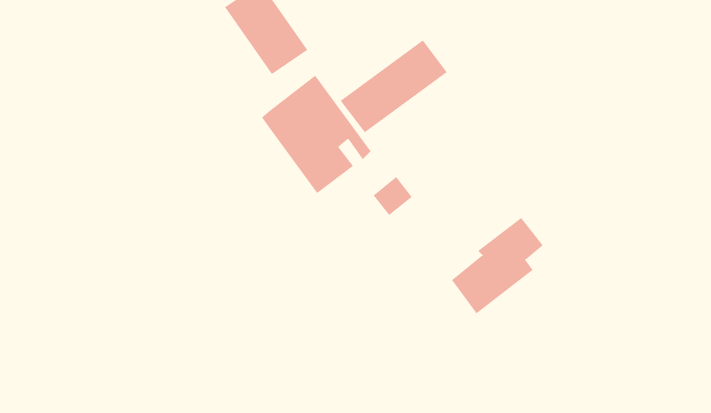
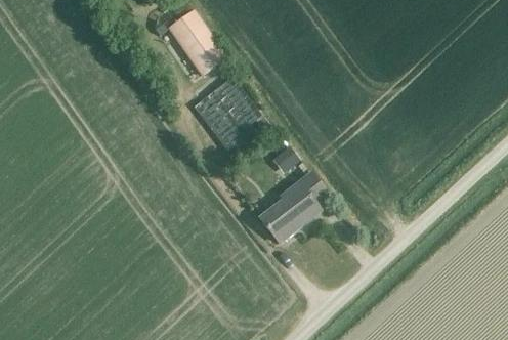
building: [340,40,448,133] -> none
building: [451,217,544,314] -> [261,173,326,241]

